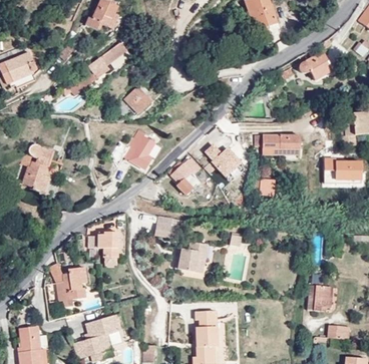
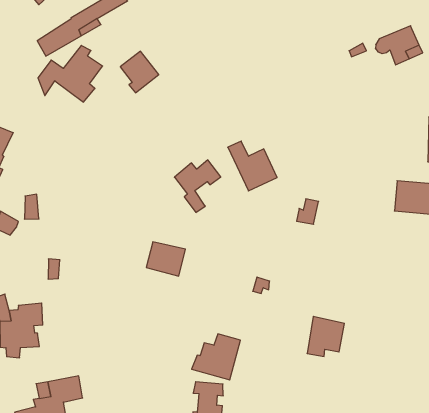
building: [112,128,156,167] -> [38,45,103,102]
building: [257,134,302,155] -> none
building: [99,232,119,257] -> none
building: [175,242,208,273] -> [192,334,240,380]
building: [308,283,332,310] -> [307,316,344,356]

